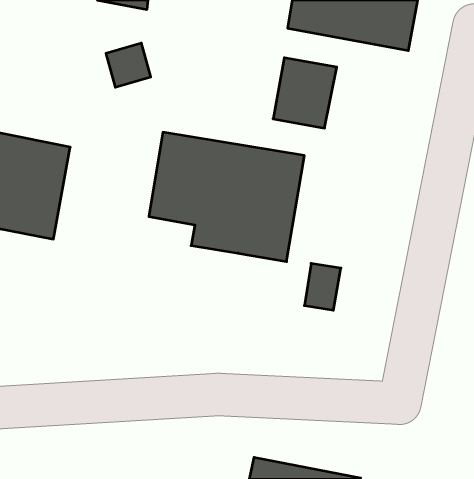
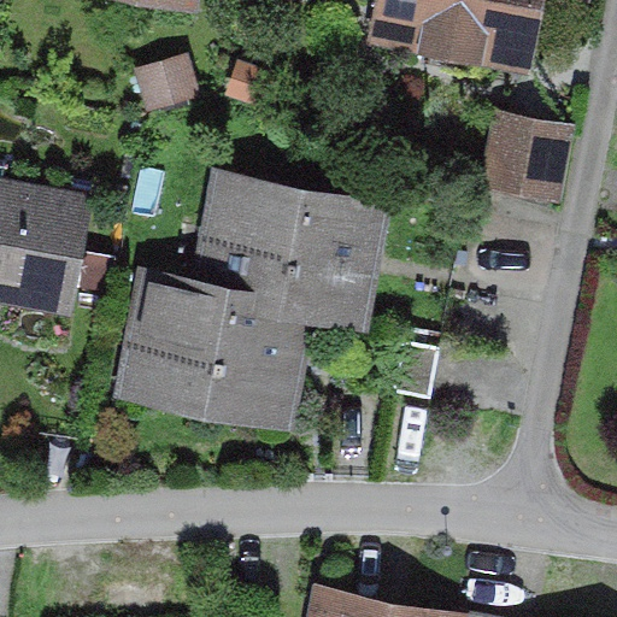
building: [273,58,337,128] -> [486,113,568,204]
building: none -> [119,270,306,435]

